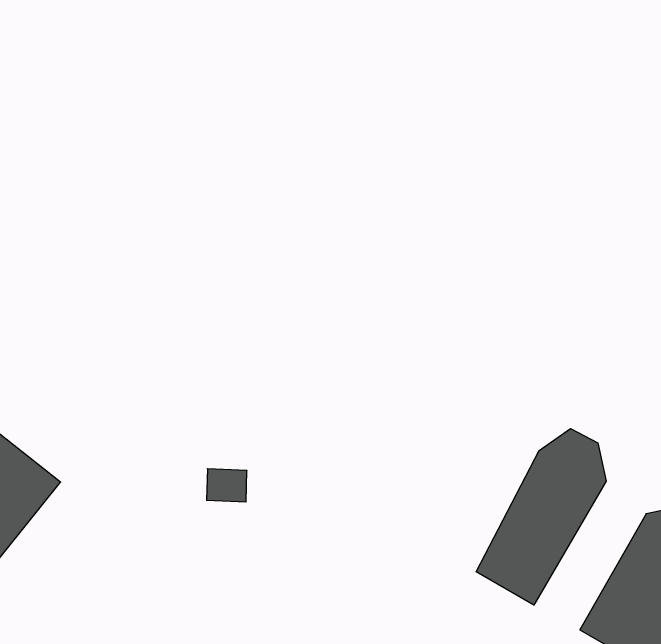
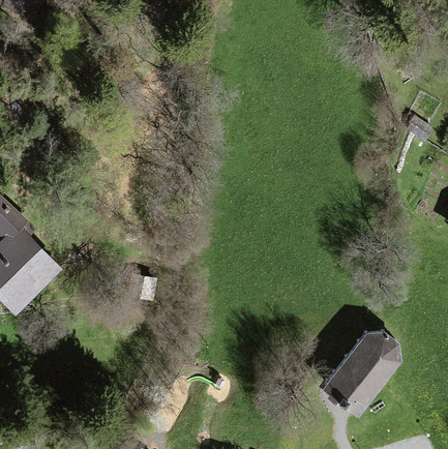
building: [476,429,606,605] -> none

